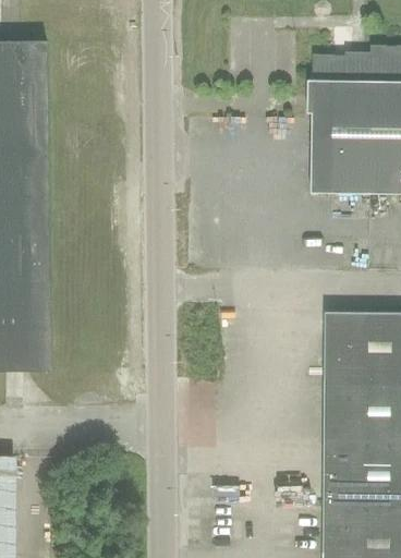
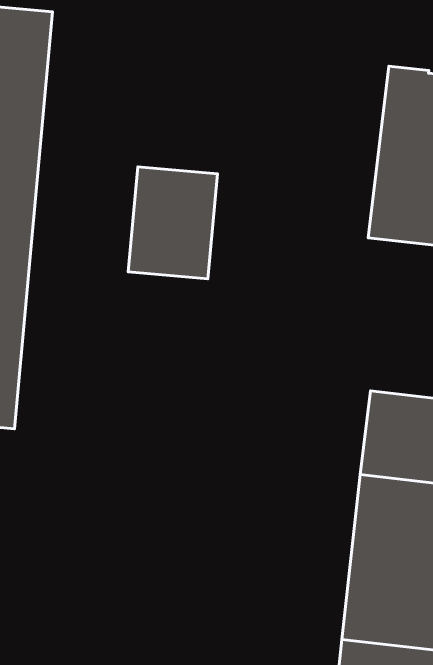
building: none -> [128,167,217,279]

